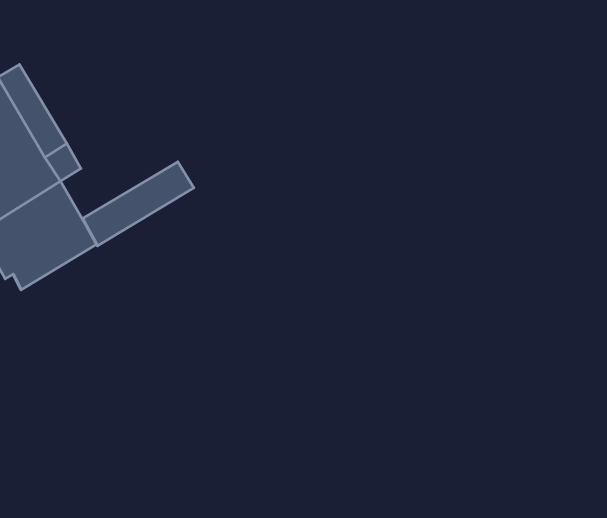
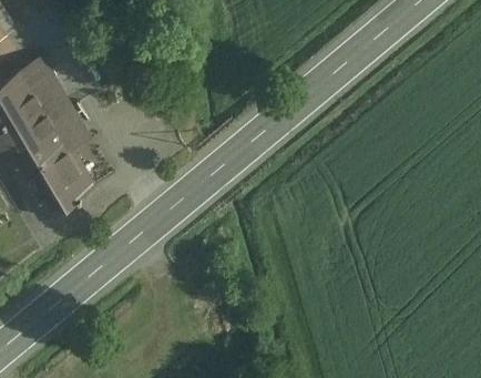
building: [82,162,194,246] -> none

